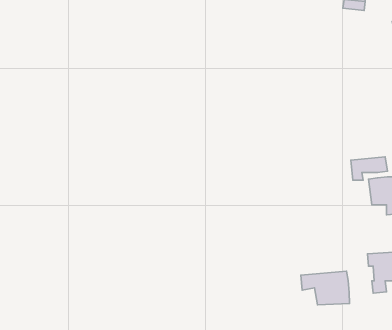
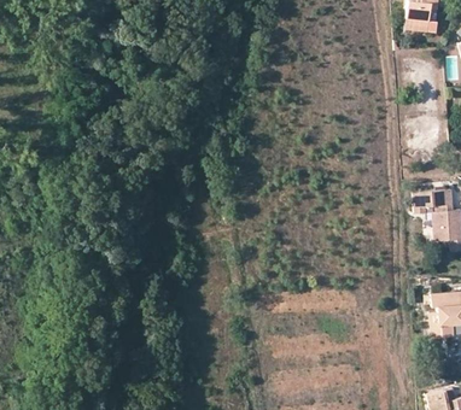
building: [301,271,350,305] -> none

